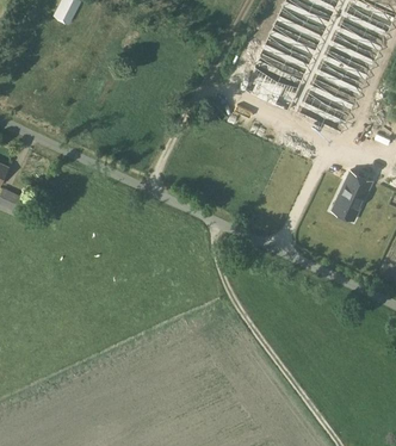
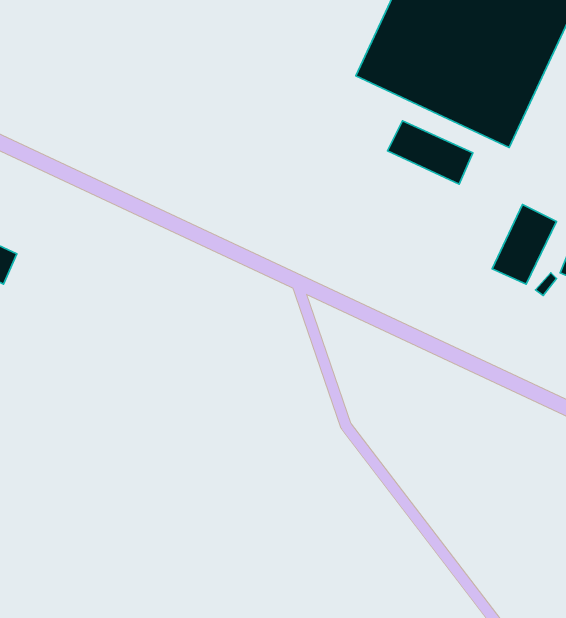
building: none -> [387,121,473,184]

